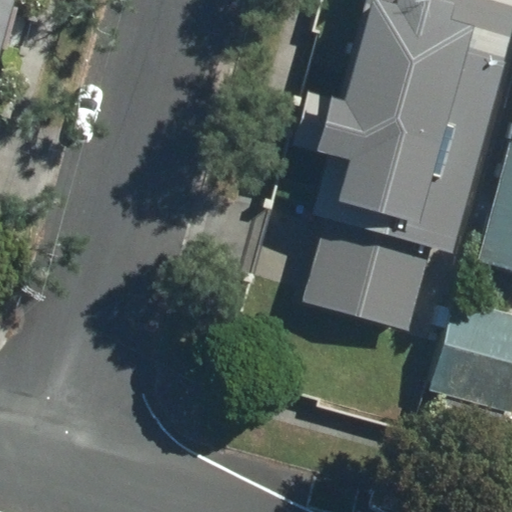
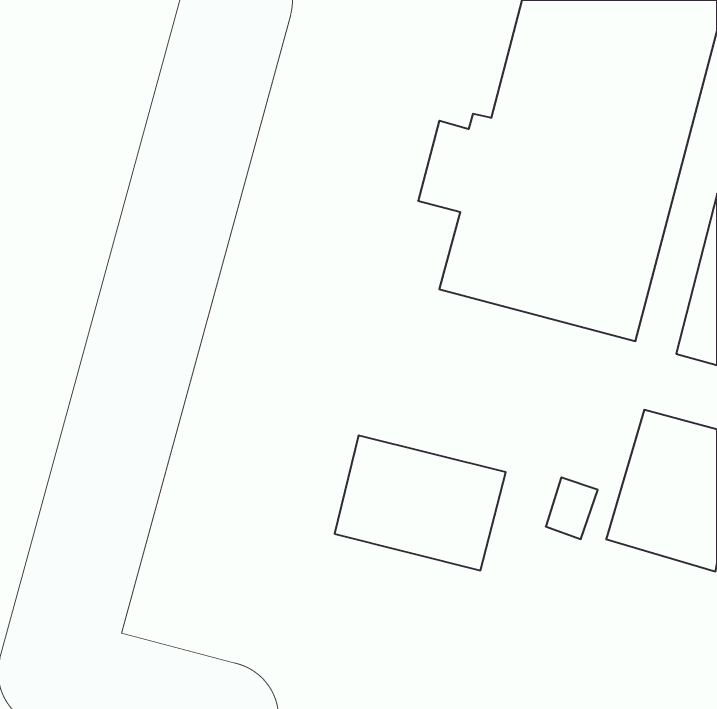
building: [307,232,429,328] -> [335,436,506,570]

